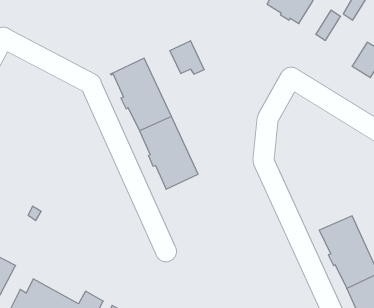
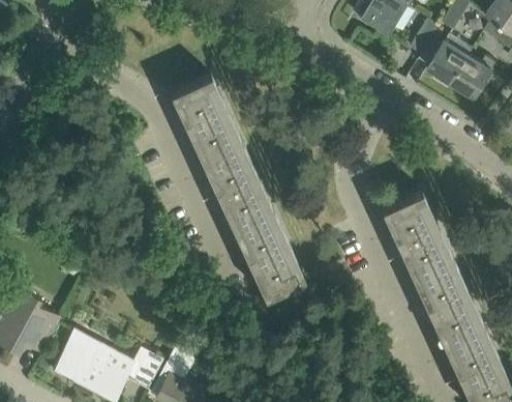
building: none -> [427,33,470,84]
building: [170,41,204,74] -> none
building: none -> [381,191,452,276]
building: none -> [235,210,304,297]

